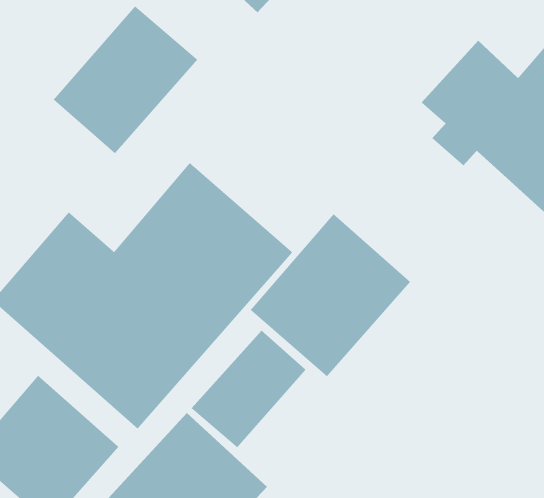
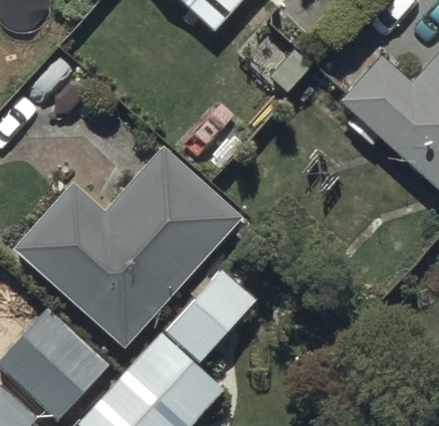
building: [53,6,198,154] -> none
building: [250,214,411,377] -> none

